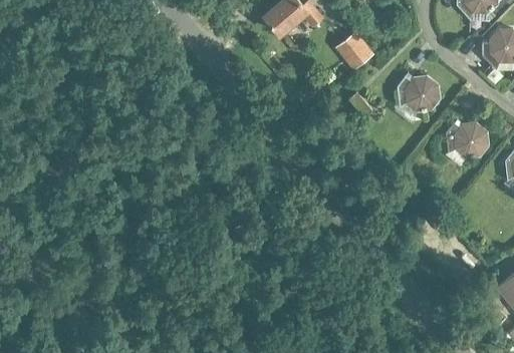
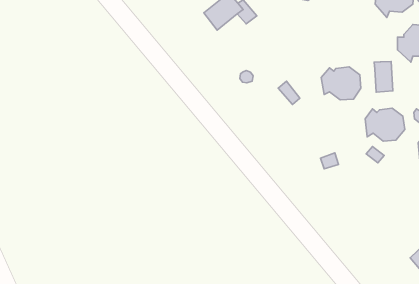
building: [336,32,374,70] -> none
building: none -> [374,62,393,92]

